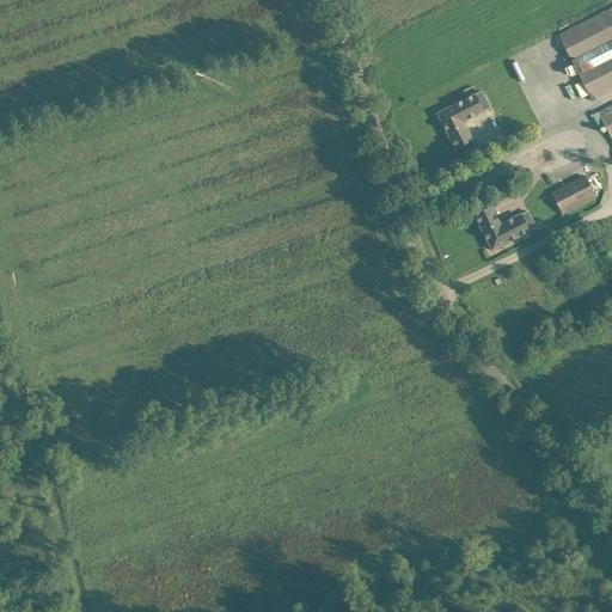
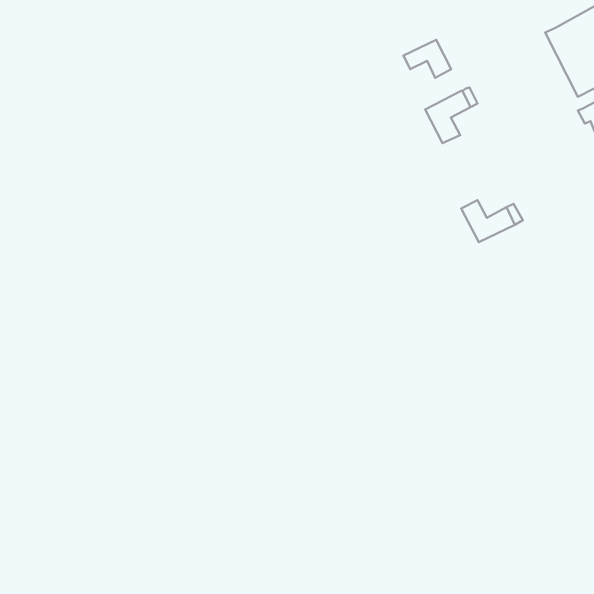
building: none -> [404,40,451,78]
building: [553,175,598,213] -> none

